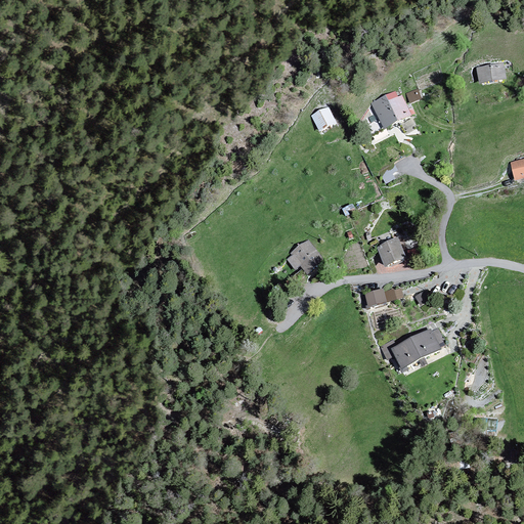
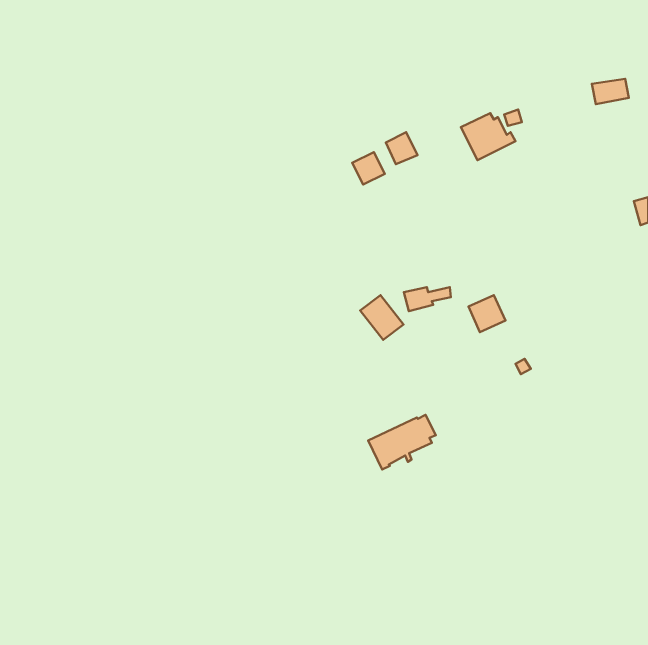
building: none -> [352,152,385,185]
building: [363,288,401,307] -> [404,287,451,311]
building: [390,326,444,370] -> [368,415,436,470]

